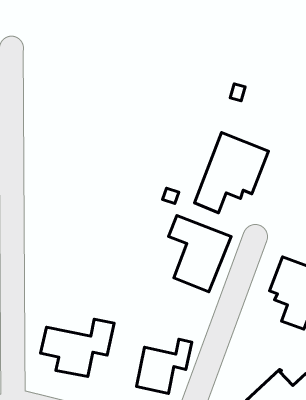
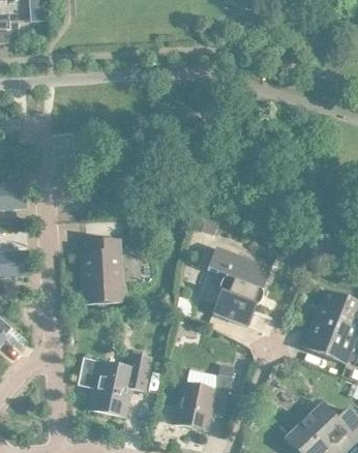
building: [195,132,268,213] -> none
building: none -> [81,240,120,298]

